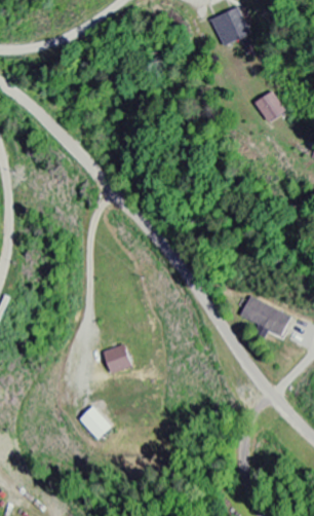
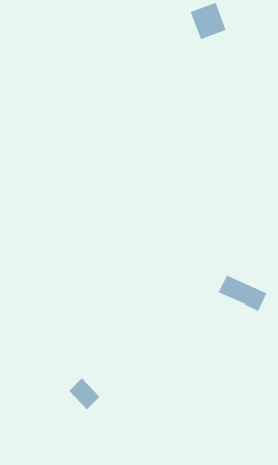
building: [252,91,283,122] -> none
building: [103,343,134,374] -> none

